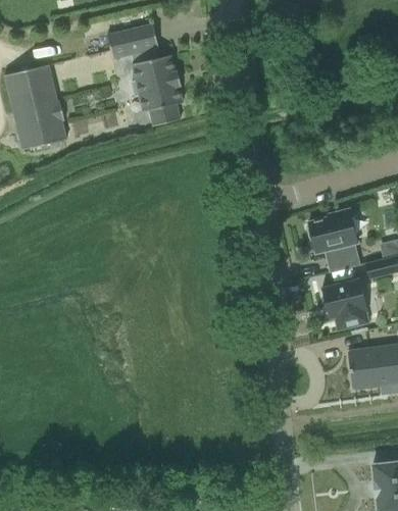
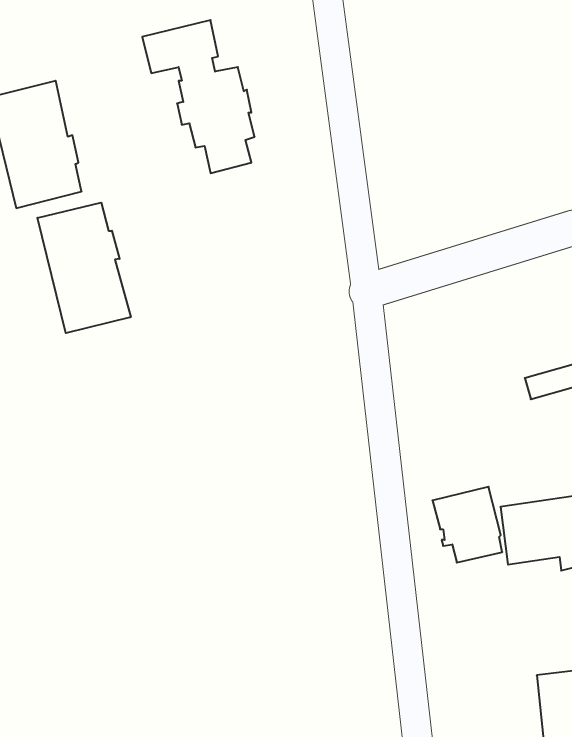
building: none -> [37,203,131,333]
building: [306,210,360,272] -> none
building: [321,278,368,329] -> [432,487,502,563]

